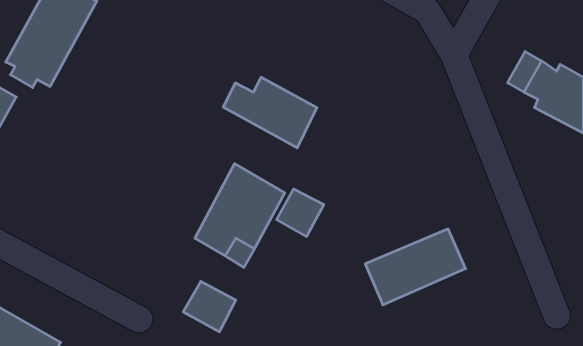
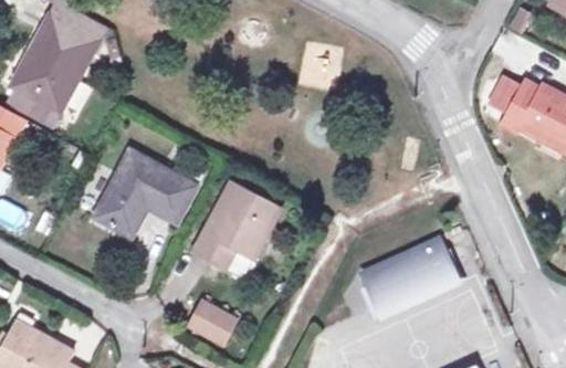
building: [223,77,317,148] -> none
building: none -> [95,148,196,232]
building: [277,189,324,237] -> none

